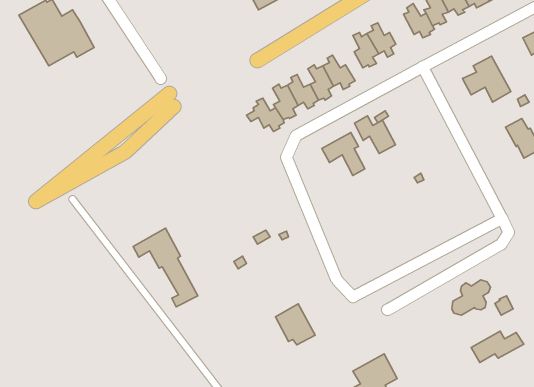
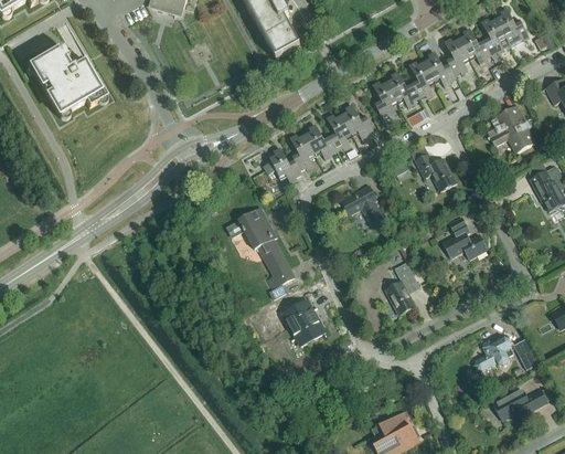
building: none -> [409,60,435,95]
building: [355,116,395,153] -> [415,150,457,189]
building: none -> [441,214,487,257]
building: none -> [384,258,419,313]
building: [133,228,198,307] -> [227,205,294,286]
building: [276,304,315,345] -> [282,297,323,339]

